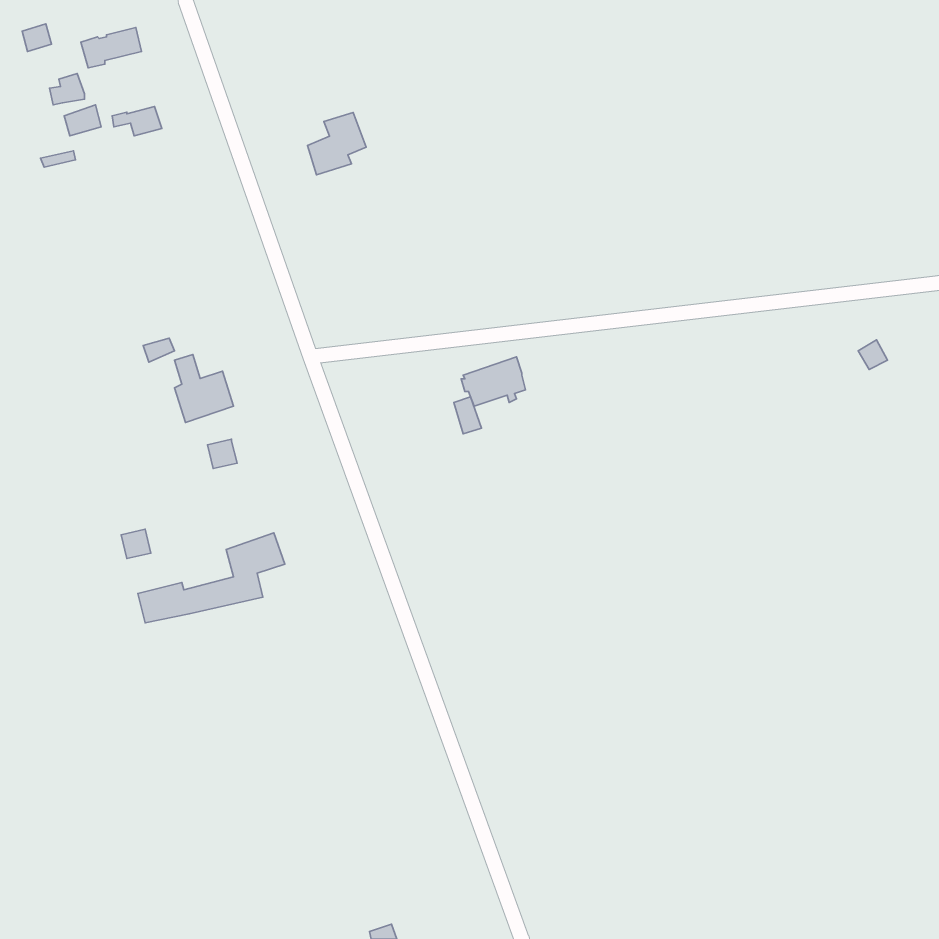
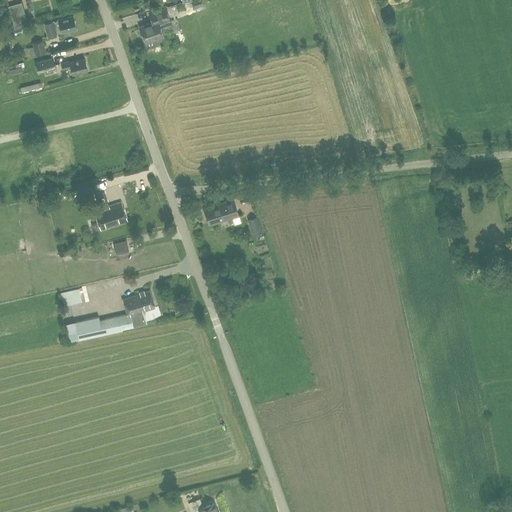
building: [307,112,366,175] -> [140,9,172,43]
building: [461,357,526,406] -> [203,198,238,225]

